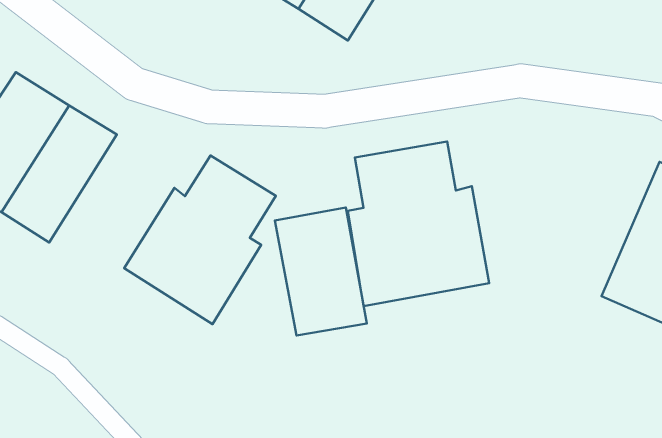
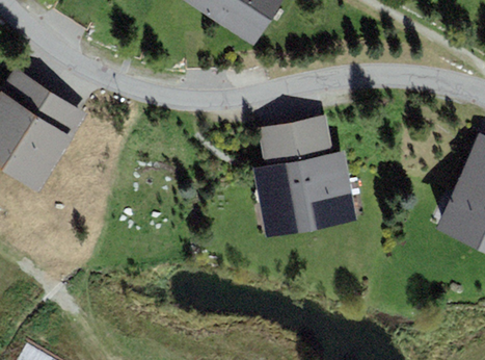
building: [124,156,276,324] -> none
building: [275,207,367,335] -> none

